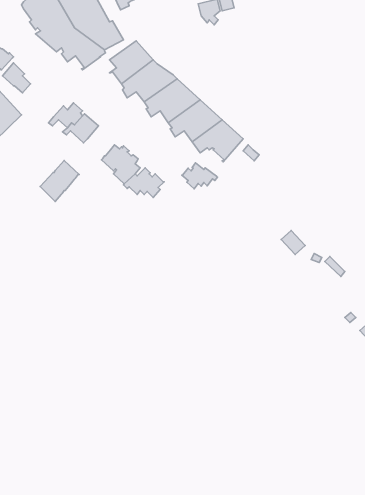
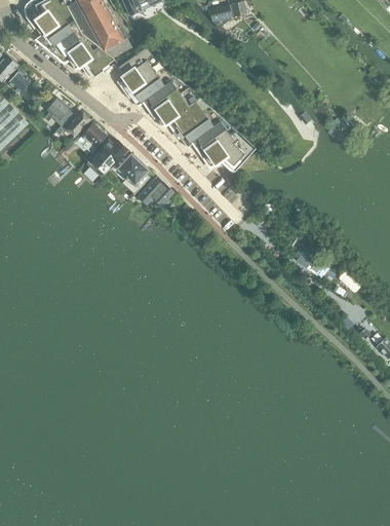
building: none -> [40,97,69,124]
building: [40,161,79,202] -> [86,134,126,176]
building: [182,163,217,189] -> none

